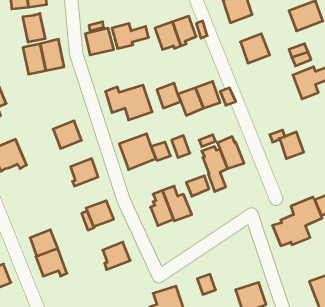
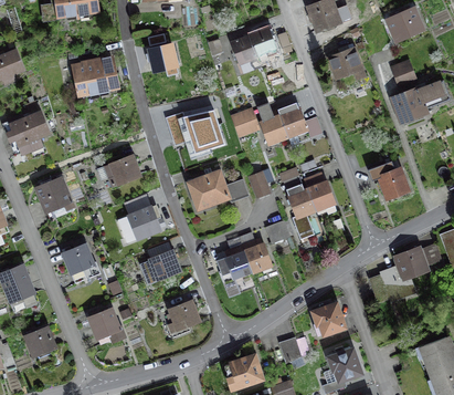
building: [23,13,45,42] -> none
building: [30,230,58,256] -> [60,242,93,274]
building: none -> [308,300,345,336]

